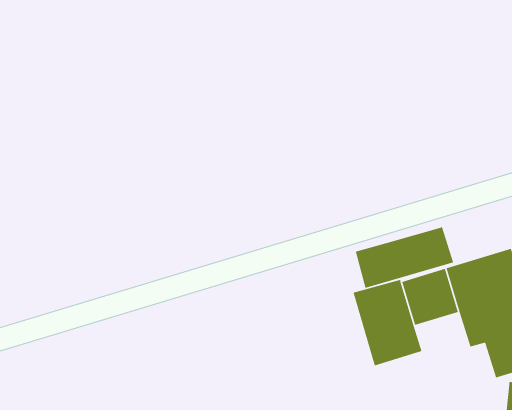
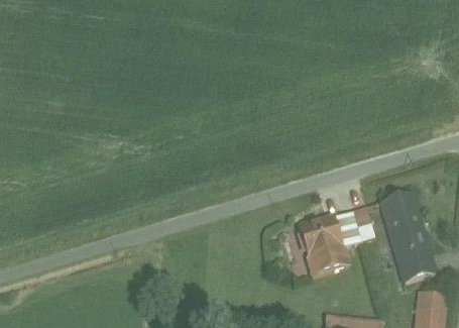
building: [355,226,454,289] -> none

